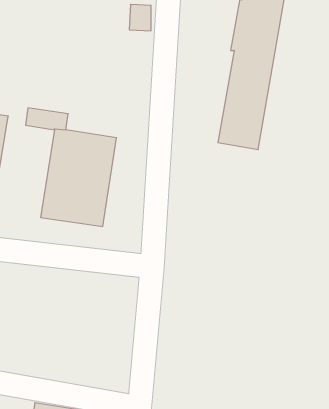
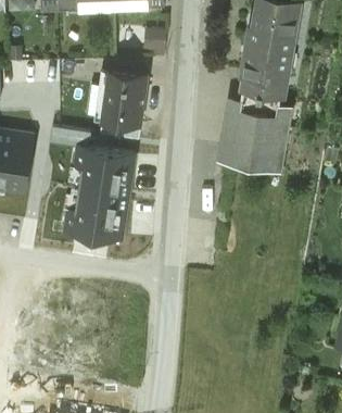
building: none -> [101,71,148,127]

